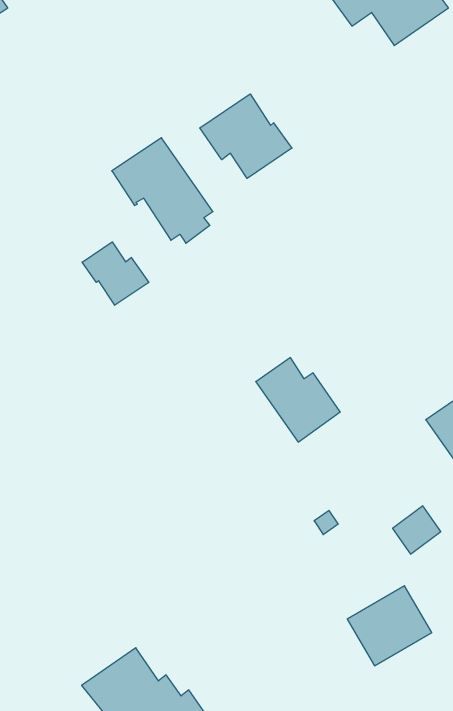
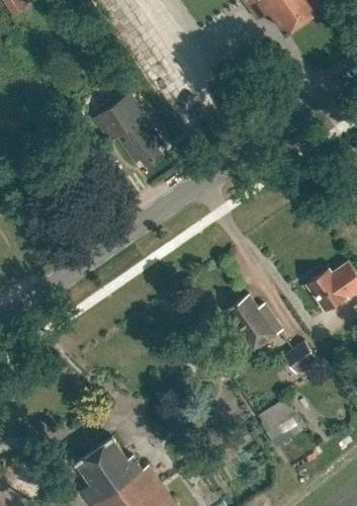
building: [200,94,292,178] -> none
building: [82,242,149,305] -> none
building: [256,358,340,442] -> [226,294,282,351]

